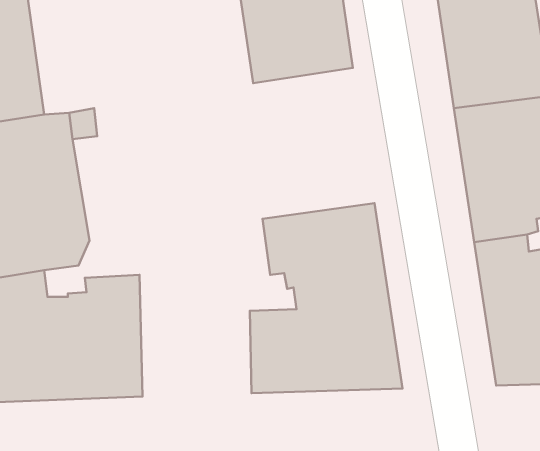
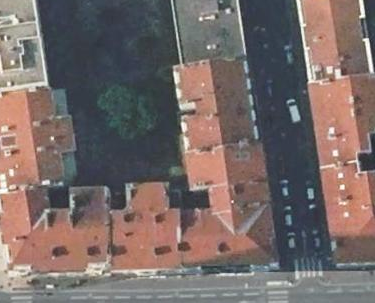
building: none -> [173,55,259,152]
building: none -> [108,183,180,266]

